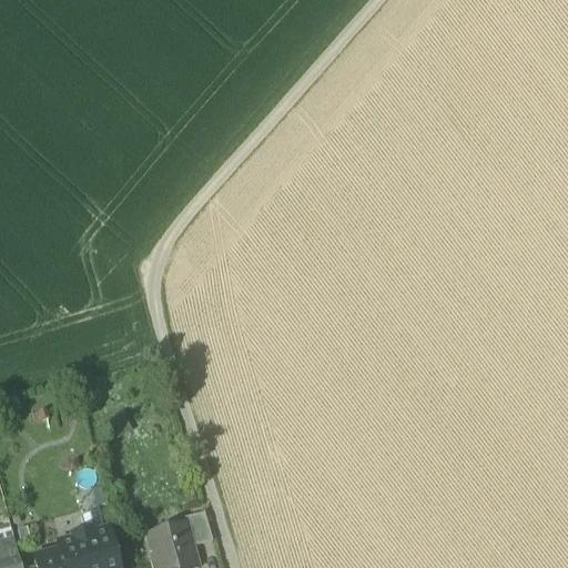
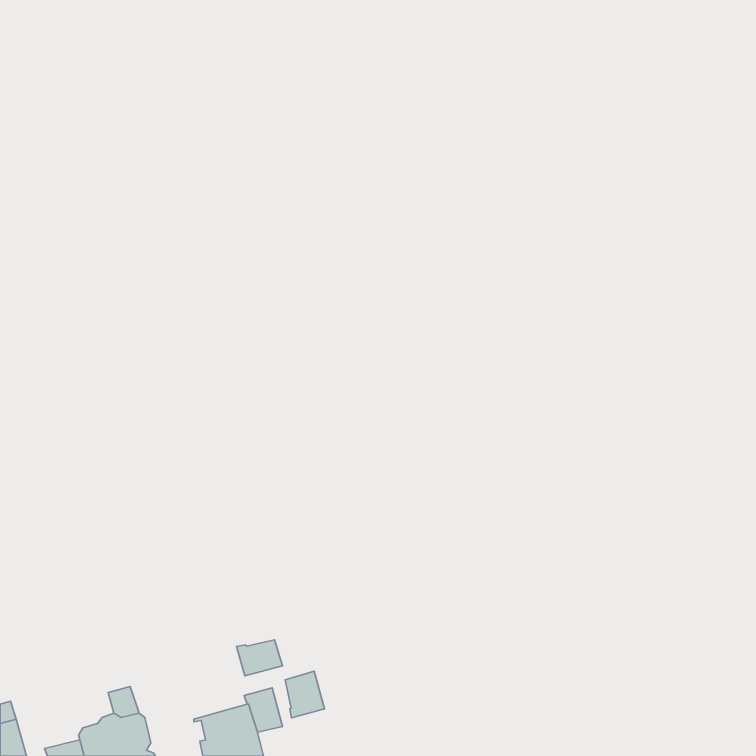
building: none -> [237,640,282,676]
building: none -> [285,671,324,718]

